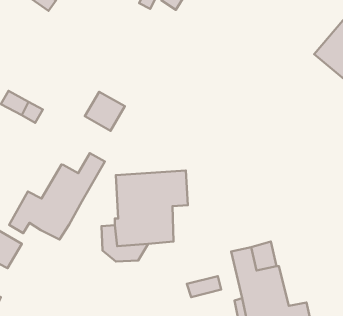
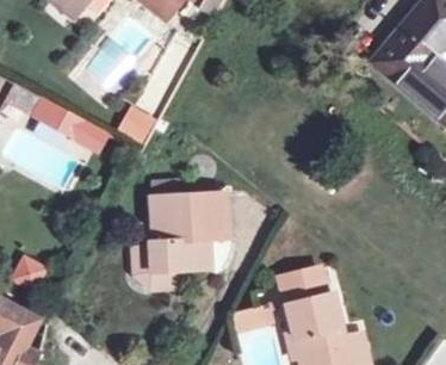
building: [9,153,105,239] -> none

